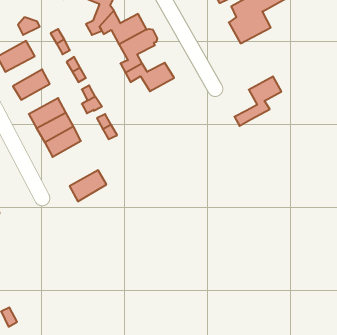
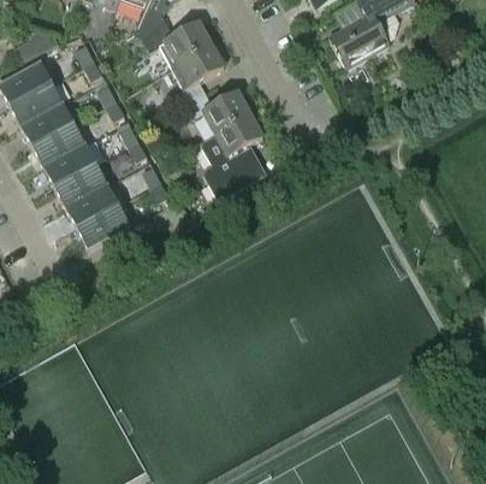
building: none -> [8,82,61,125]
building: [234,76,281,126] -> [195,113,262,184]
building: none -> [31,122,84,165]
building: [70,170,106,201] -> [76,203,129,248]

